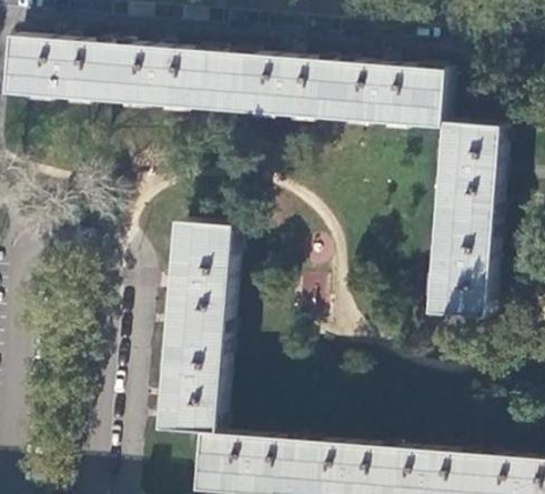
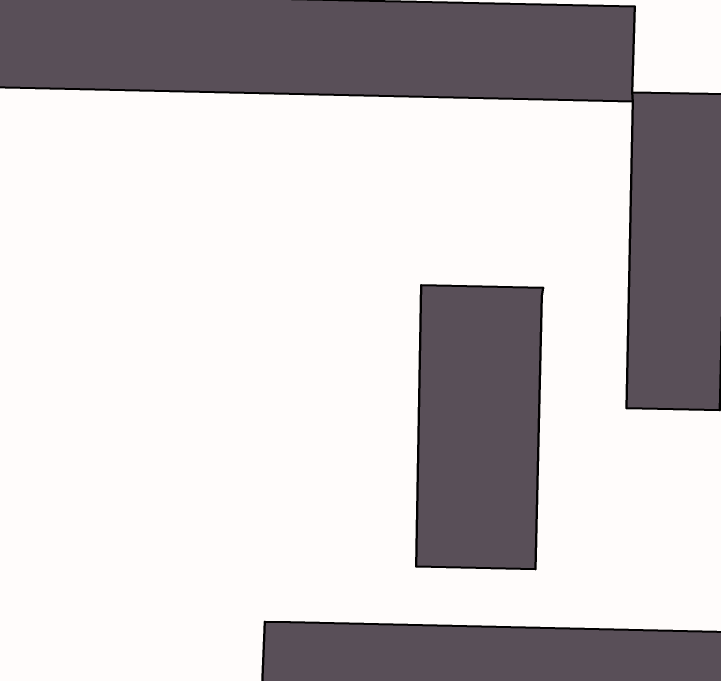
building: [158,221,232,432] -> none
building: none -> [416,285,543,569]

